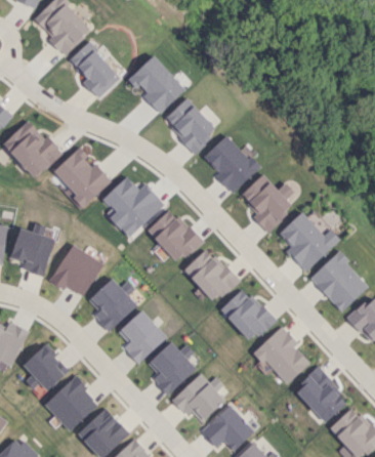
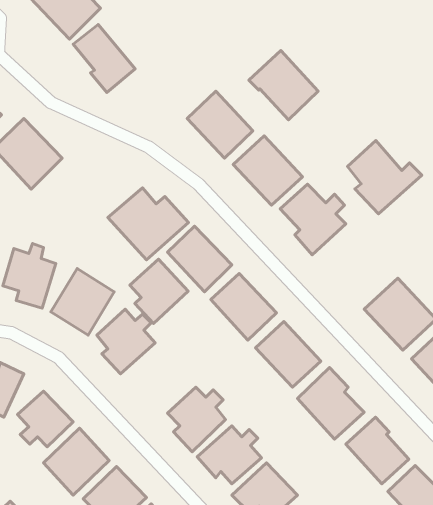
building: [127,55,184,113] -> [249,50,318,120]
building: [52,147,109,208] -> none
building: [279,211,340,272] -> [347,141,422,214]
building: [118,310,166,364] -> [130,259,188,323]

